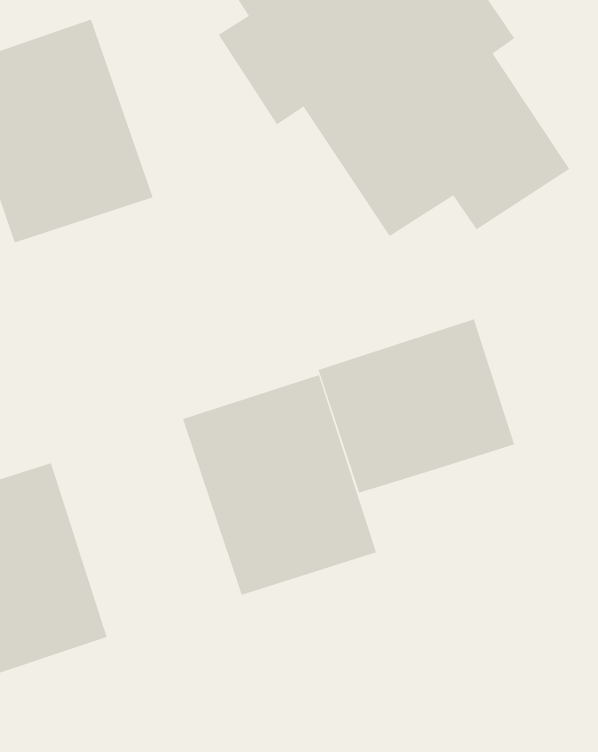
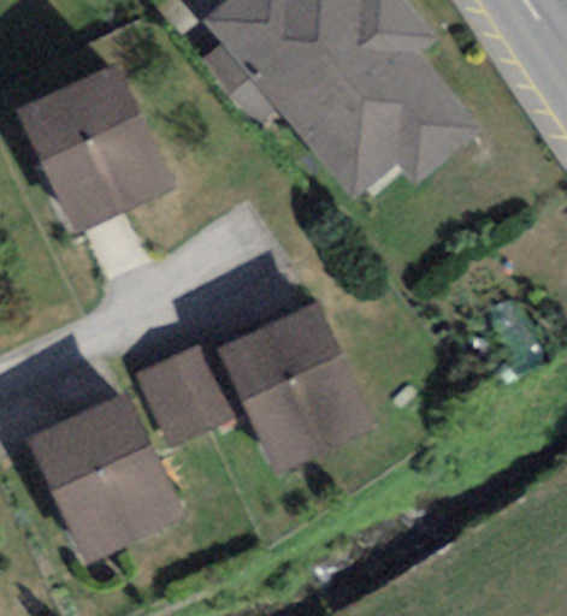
building: [318,319,515,494] -> none
building: none -> [140,338,246,445]

